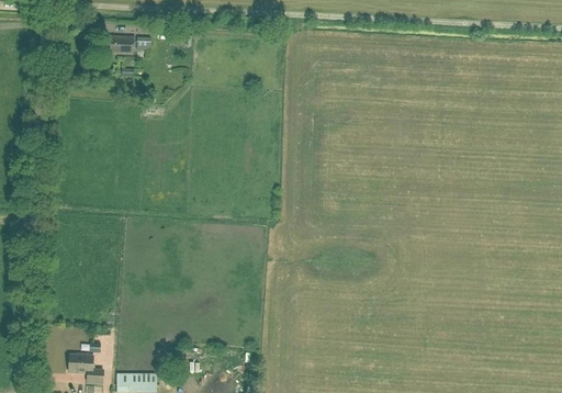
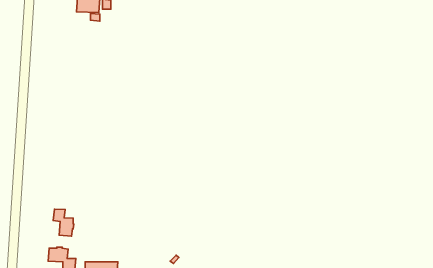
building: none -> [53,209,74,236]

